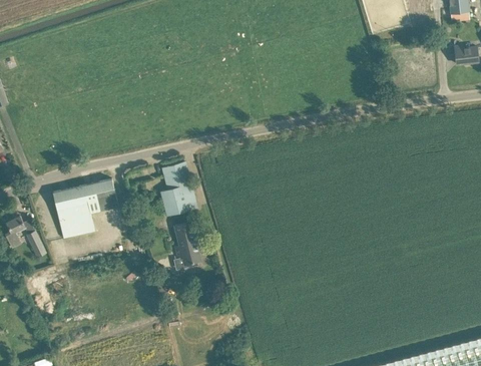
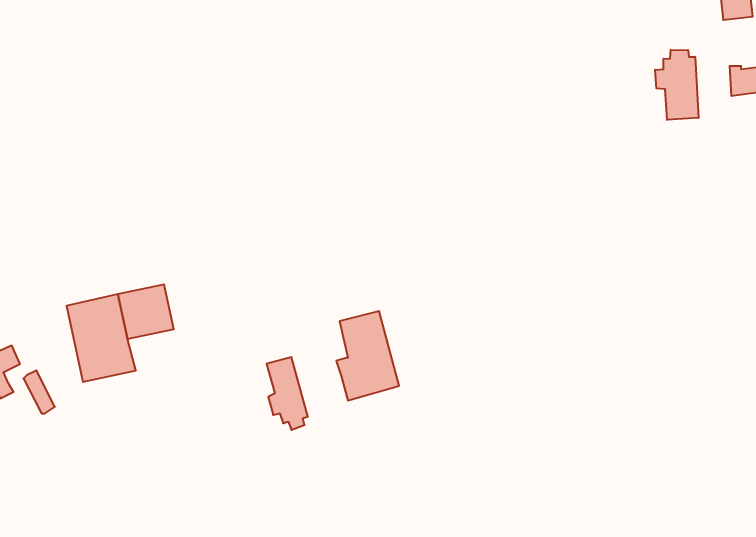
building: none -> [655,50,699,120]
building: [160,163,198,218] -> [336,311,399,401]

